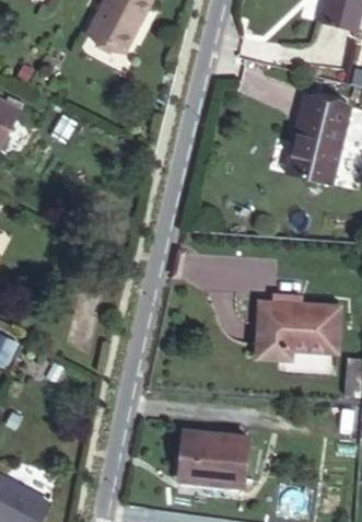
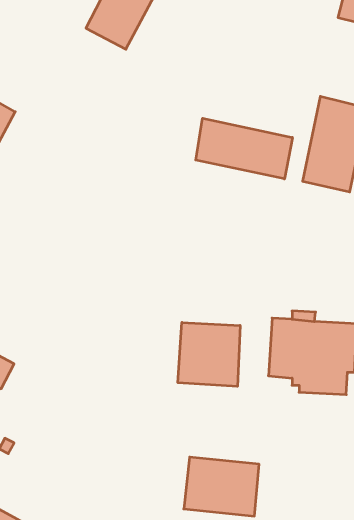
building: none -> [196,118,292,179]
building: none -> [178,322,240,386]

